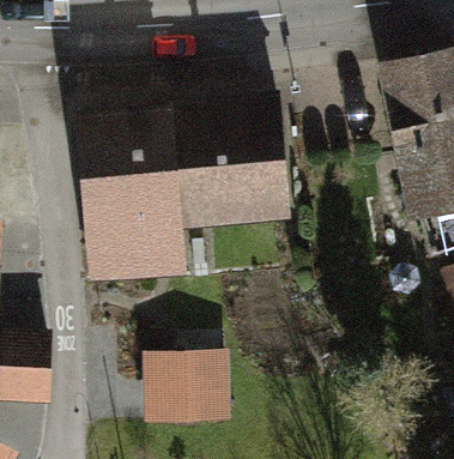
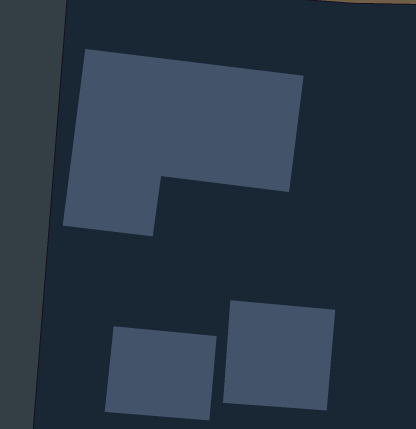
building: none -> [222,300,336,411]

